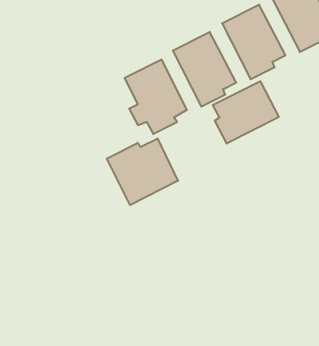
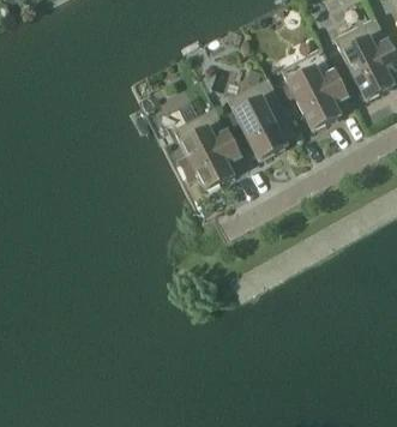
building: [213,81,279,144] -> none
building: [107,138,178,205] -> none

